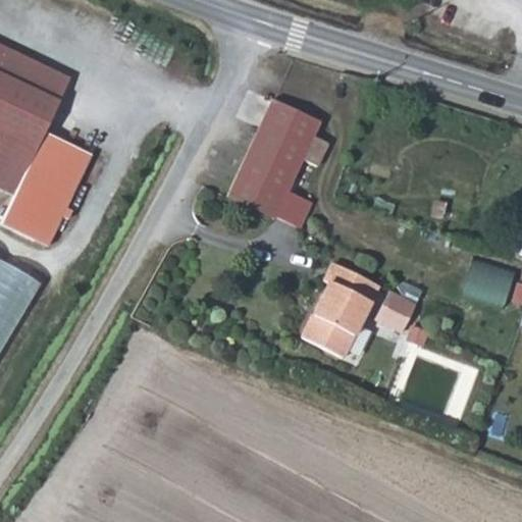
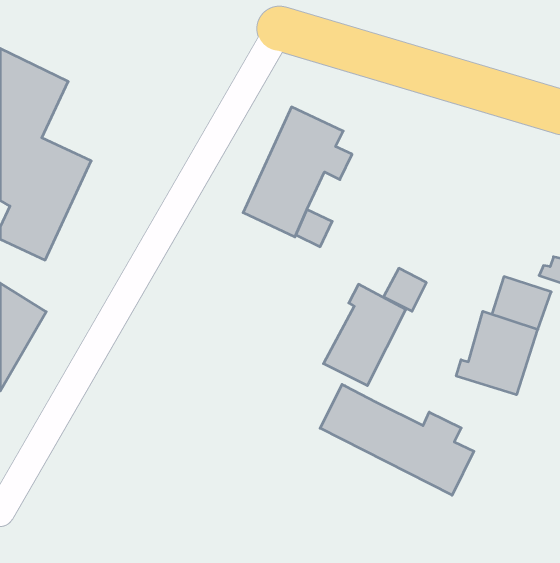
building: none -> [456,311,538,395]
building: [375,293,415,332] -> [384,268,426,311]
building: none -> [320,384,474,495]

